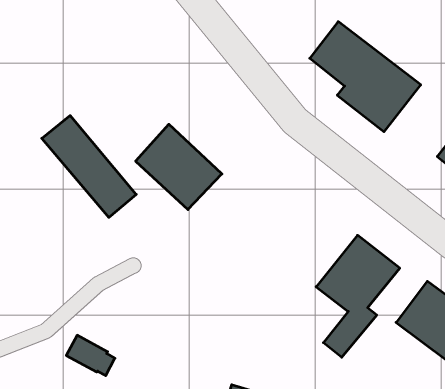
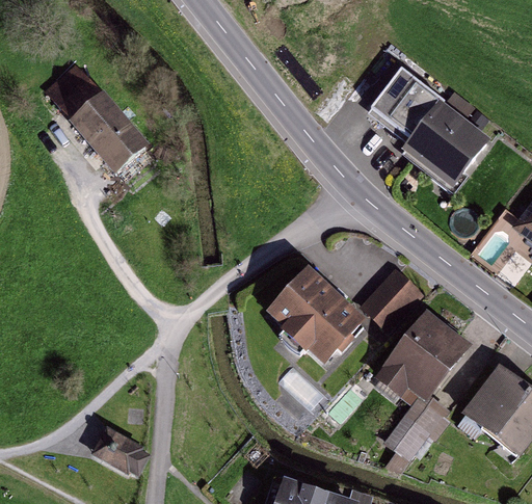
building: [42,116,136,217] -> [47,67,154,182]
building: [136,124,222,210] -> [269,264,367,361]
building: none -> [361,269,422,331]

